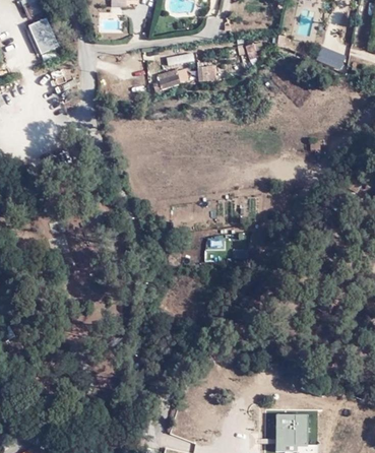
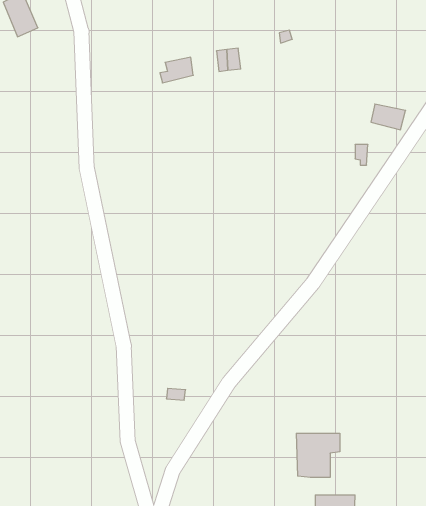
building: [317,47,345,67] -> [371,104,406,130]
building: none -> [296,433,340,477]

